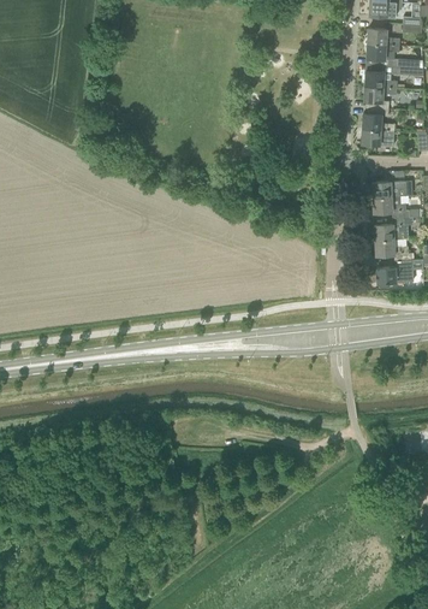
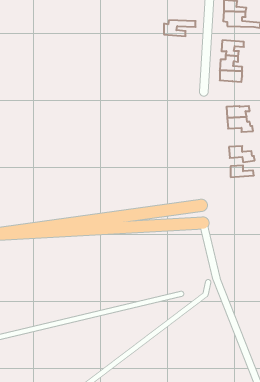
building: [364,65,410,88] -> [164,20,196,36]
building: [373,217,409,240] -> none

